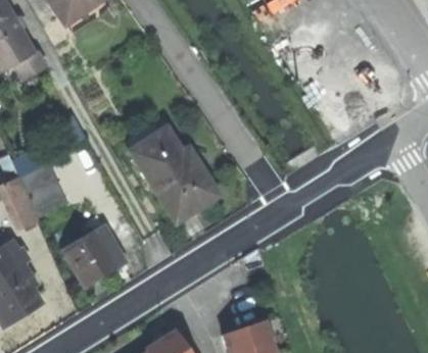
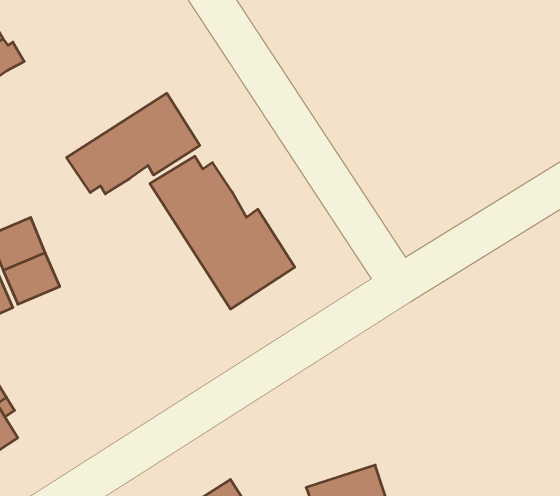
building: none -> [67,93,200,194]
building: [63,226,116,286] -> none

